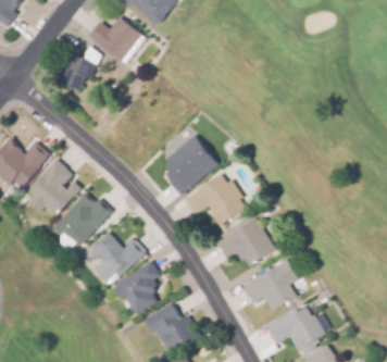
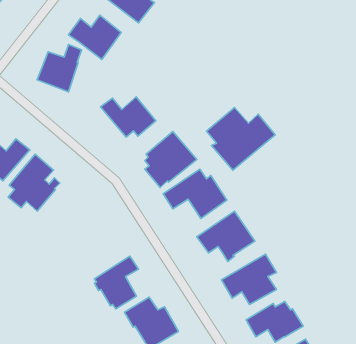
building: none -> [101,97,156,137]
building: none -> [207,108,275,170]
building: [52,191,111,245] -> none
building: [93,234,145,282] -> none

